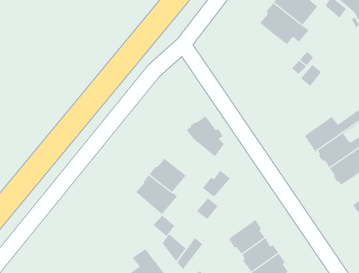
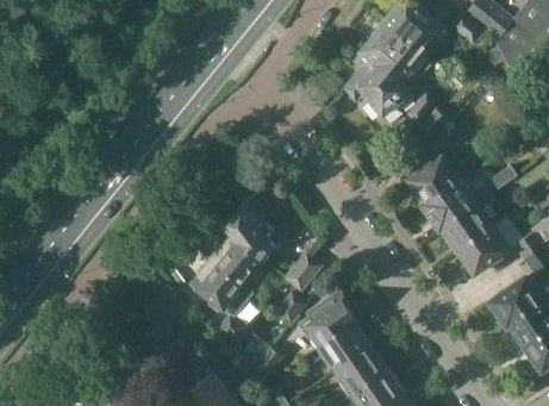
building: none -> [347,52,413,117]
building: none -> [406,145,462,207]
building: [186,116,225,157] -> [222,206,275,263]
building: none -> [298,294,357,350]

